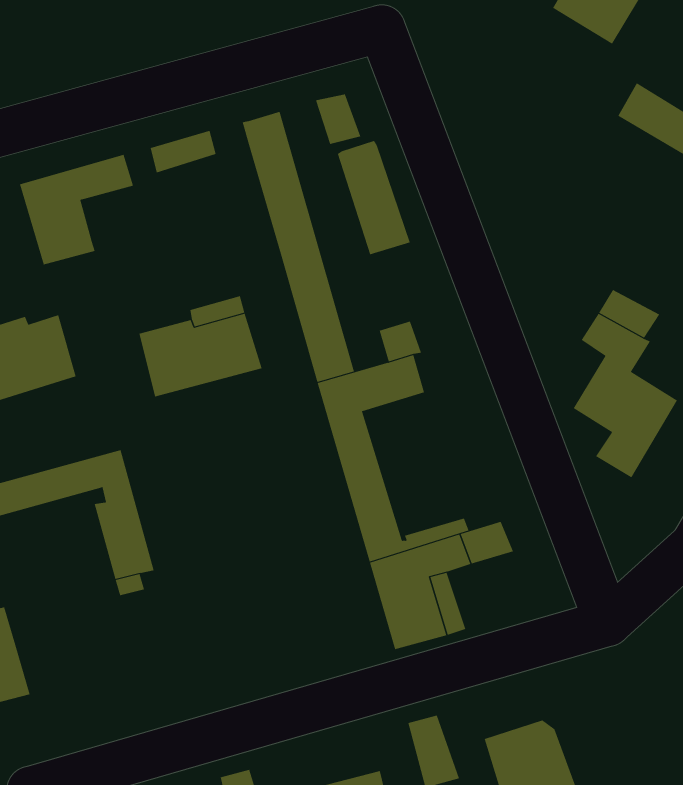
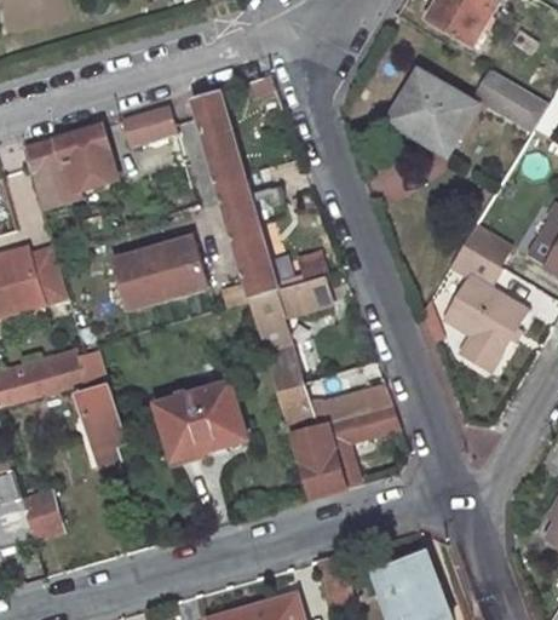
building: none -> [395,70,477,153]
building: [337,140,410,255] -> none
building: none -> [69,149,116,191]
building: none -> [157,385,243,460]
building: none -> [19,489,59,539]

